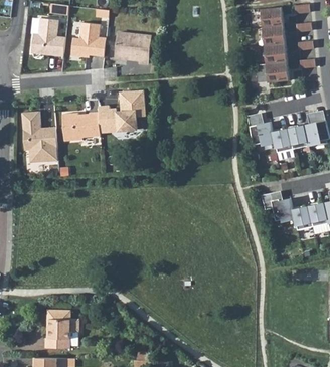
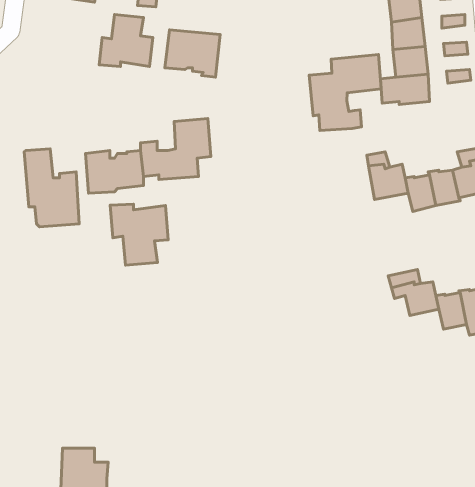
building: [30,18,64,57] -> none
building: none -> [309,55,381,131]
building: none -> [110,204,168,265]

